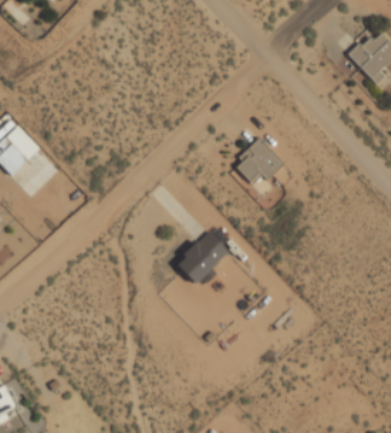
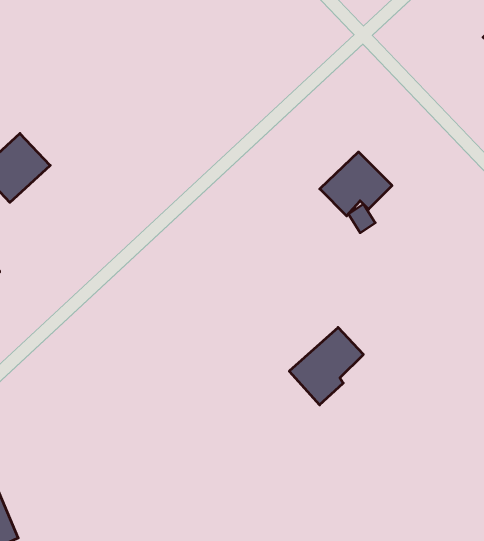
building: [175,232,228,287] -> [289,327,363,405]

